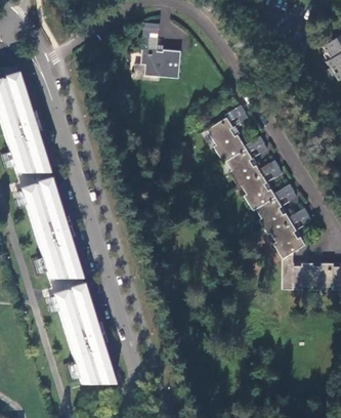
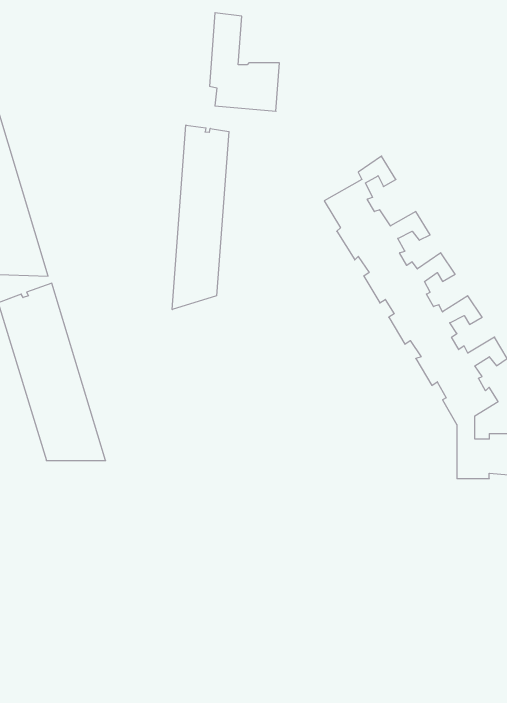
building: none -> [172,125,229,310]
building: [54,284,117,384] -> none

